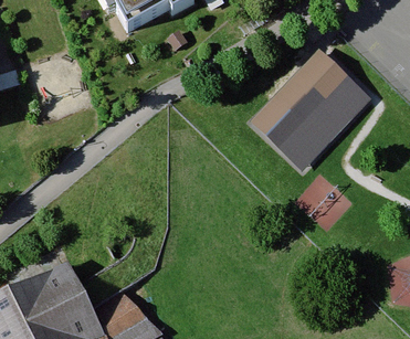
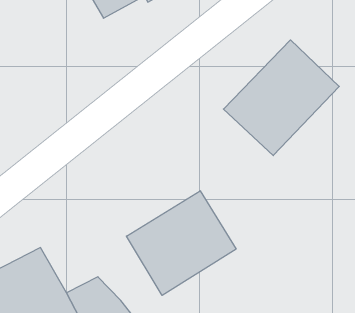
building: none -> [126,191,236,295]

